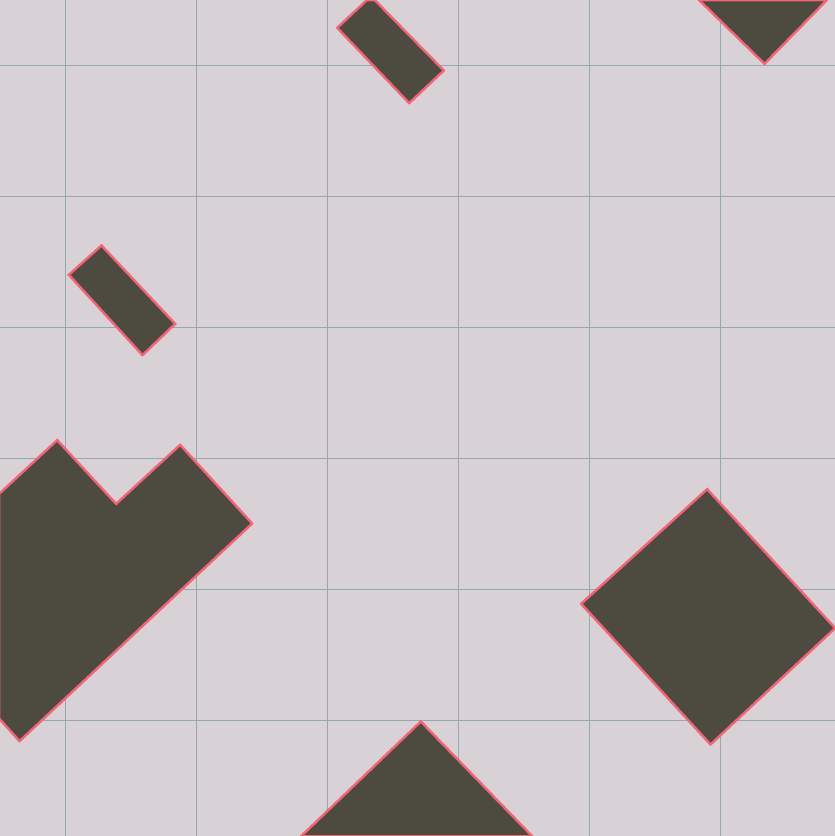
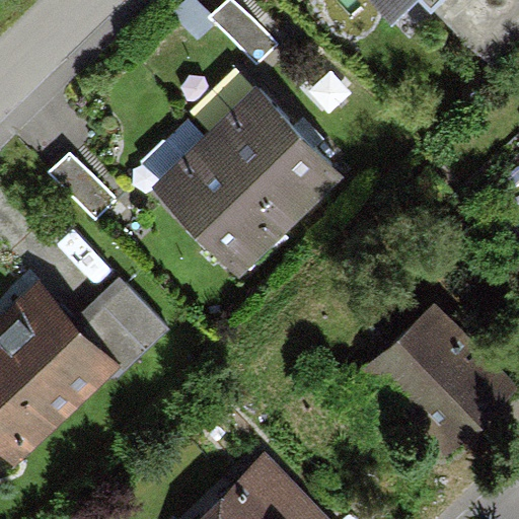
building: none -> [156,92,344,279]

